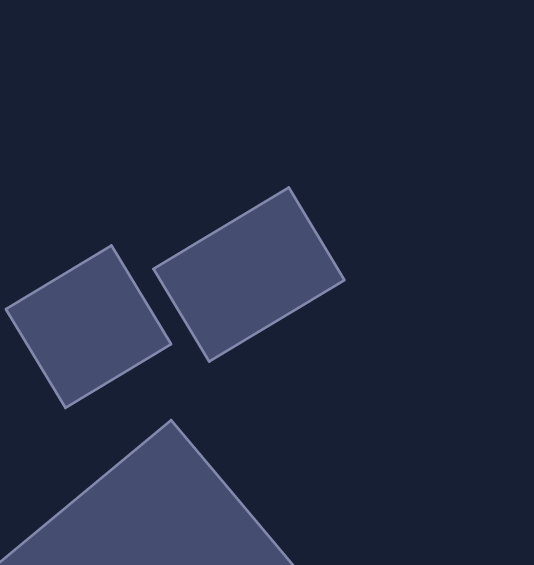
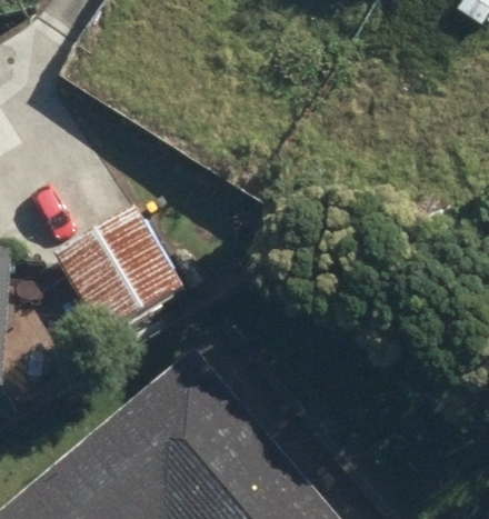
building: [153,187,344,362] -> none

